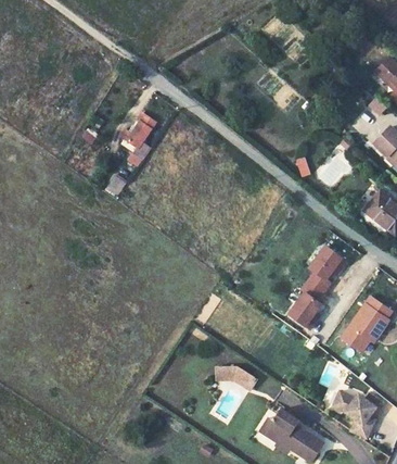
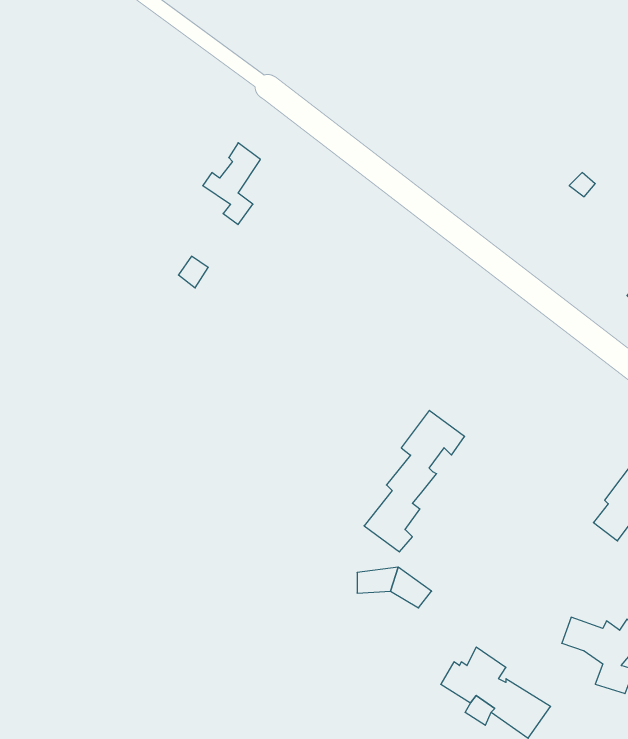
building: [287,248,346,330] -> [364,410,465,552]

